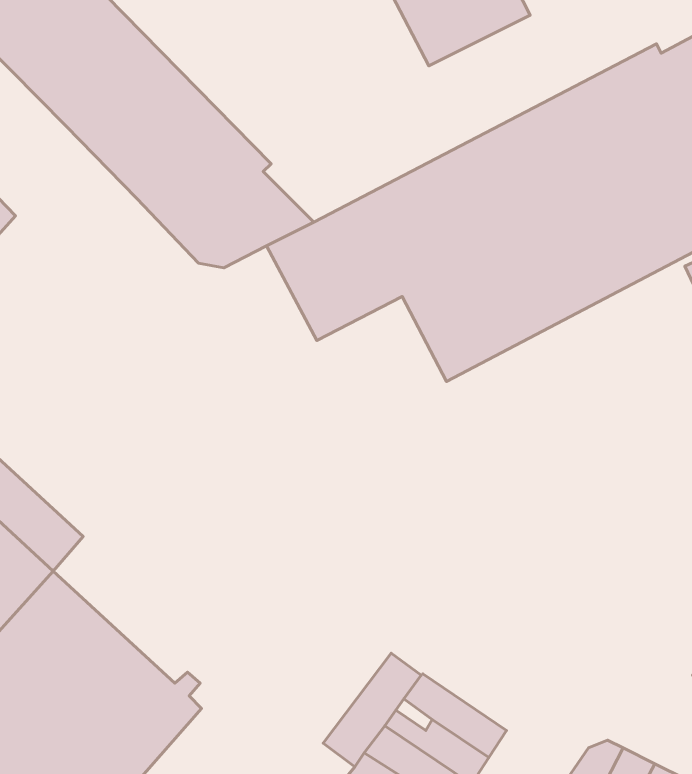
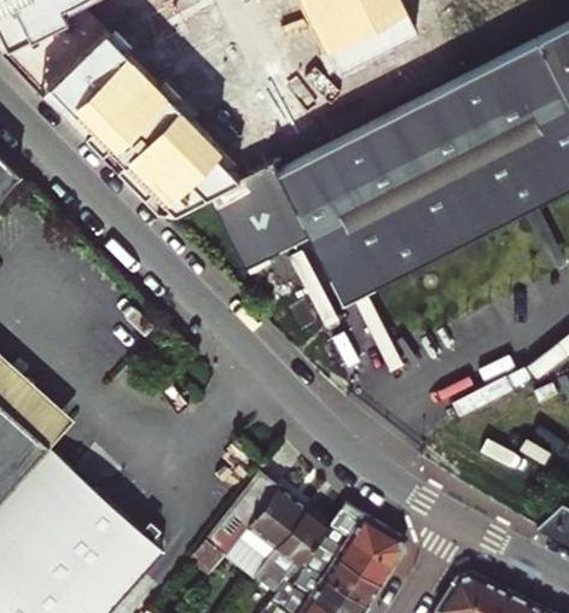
building: none -> [188,474,304,579]
building: none -> [329,506,402,570]

